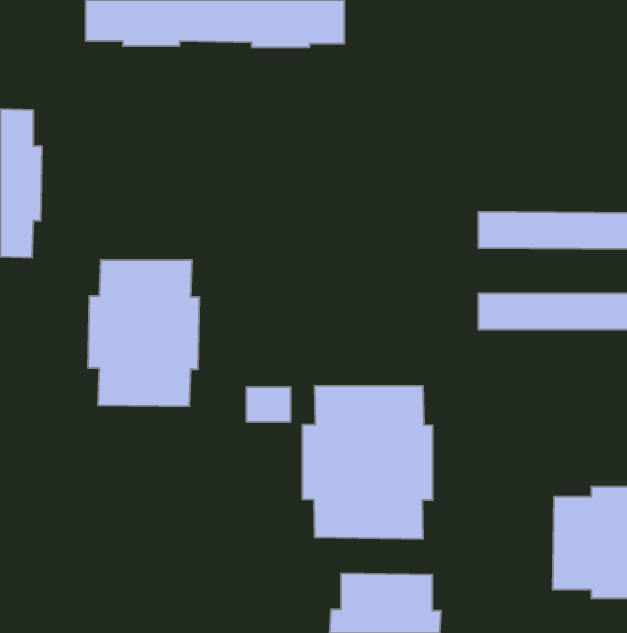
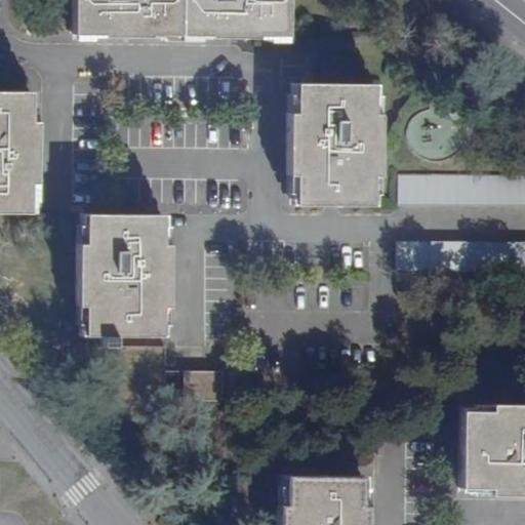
building: none -> [289,84,381,206]
building: [302,386,432,539] -> none
building: [246,387,291,422] -> [188,373,225,402]

